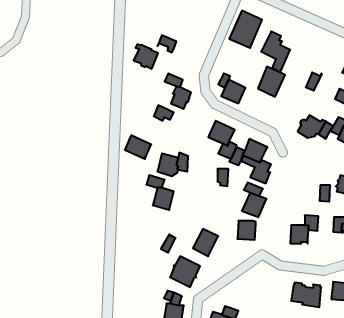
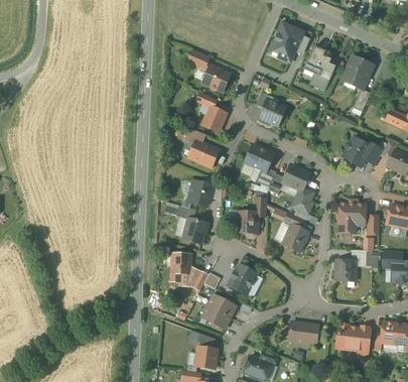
building: [134,44,158,69] -> [202,65,230,92]
building: [258,67,285,97] -> [343,55,373,89]
building: [125,135,151,159] -> [189,140,219,166]
building: none -> [338,203,366,233]
building: none -> [171,252,191,281]
building: [237,221,256,240] -> [238,212,258,233]
building: none -> [289,322,318,344]

